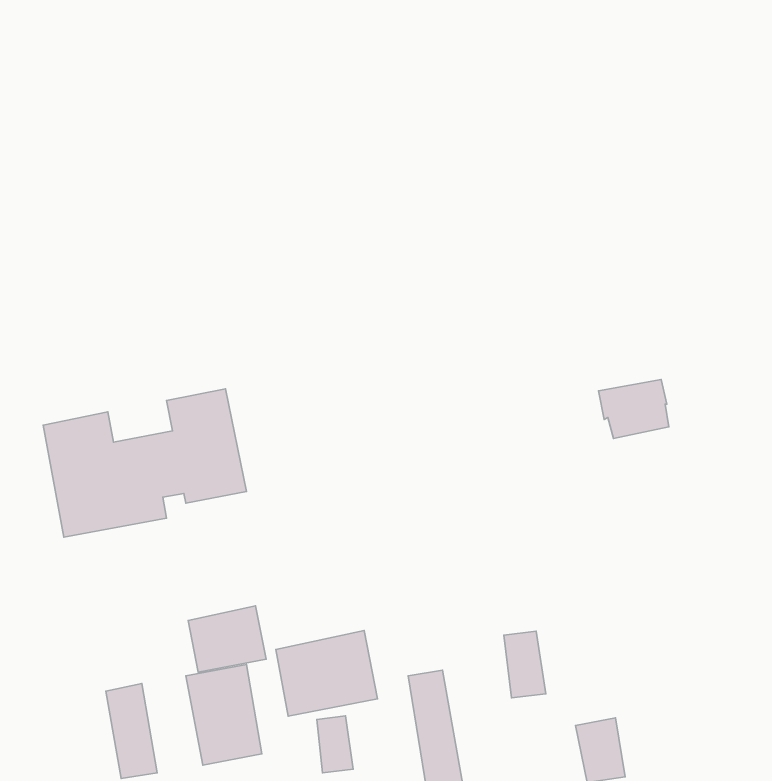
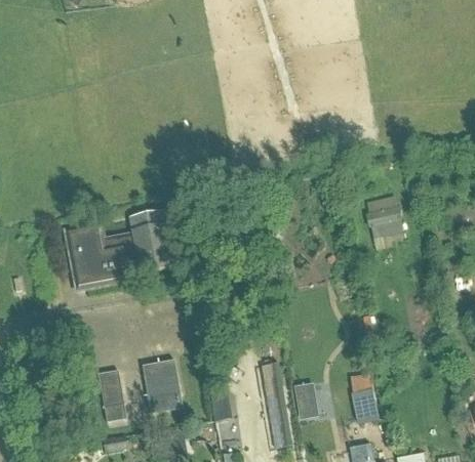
building: [188,606,266,672] -> none
building: [276,631,377,716] -> none
building: [504,631,546,698] -> [295,382,318,418]

